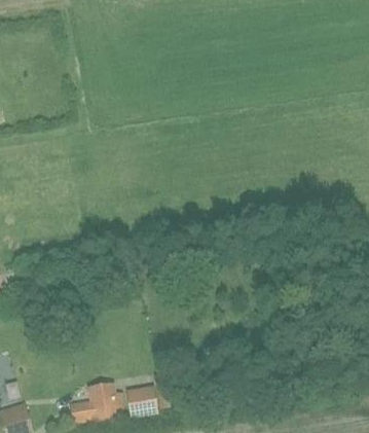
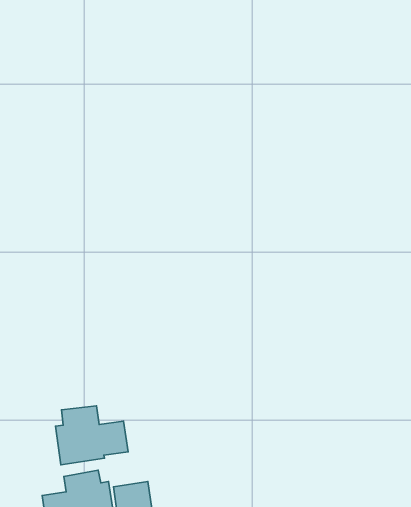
building: none -> [56,406,128,465]

